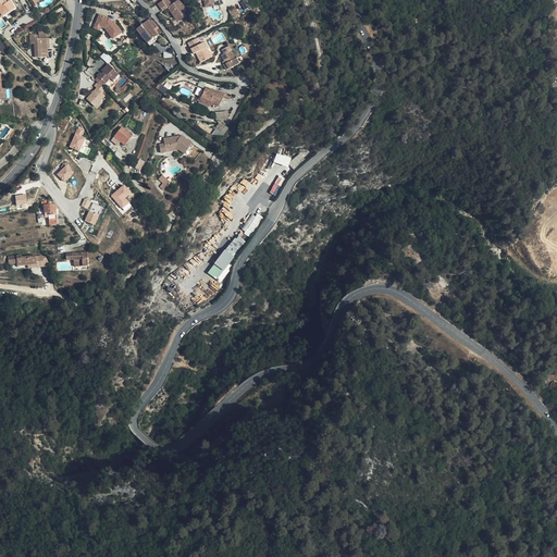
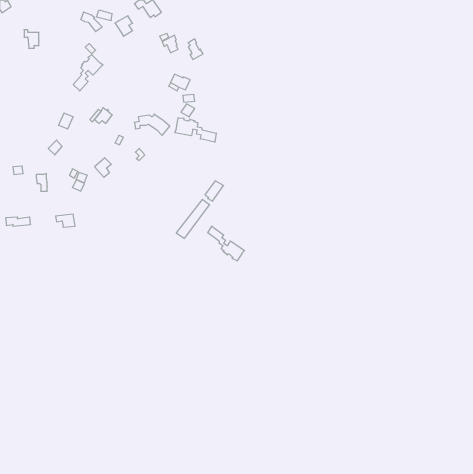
building: none -> [175,118,216,142]
building: none -> [208,226,245,261]

